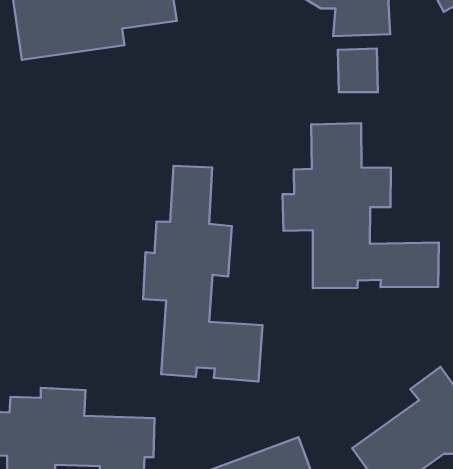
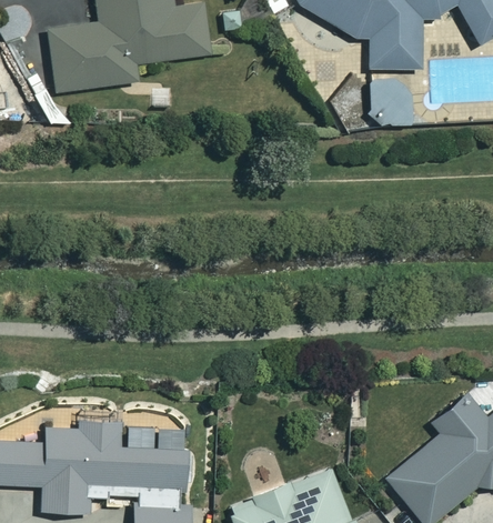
building: [283,123,439,288] -> none
building: [143,166,263,381] -> none

